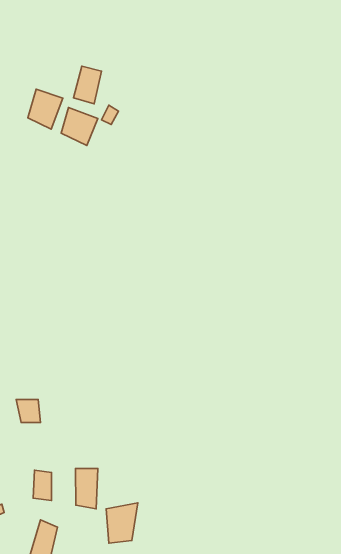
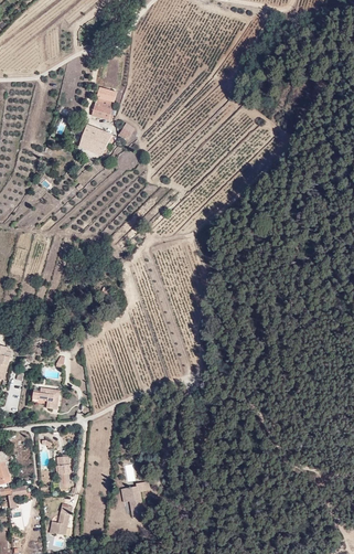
building: [28,89,63,129] -> none
building: [76,469,98,509] -> none

